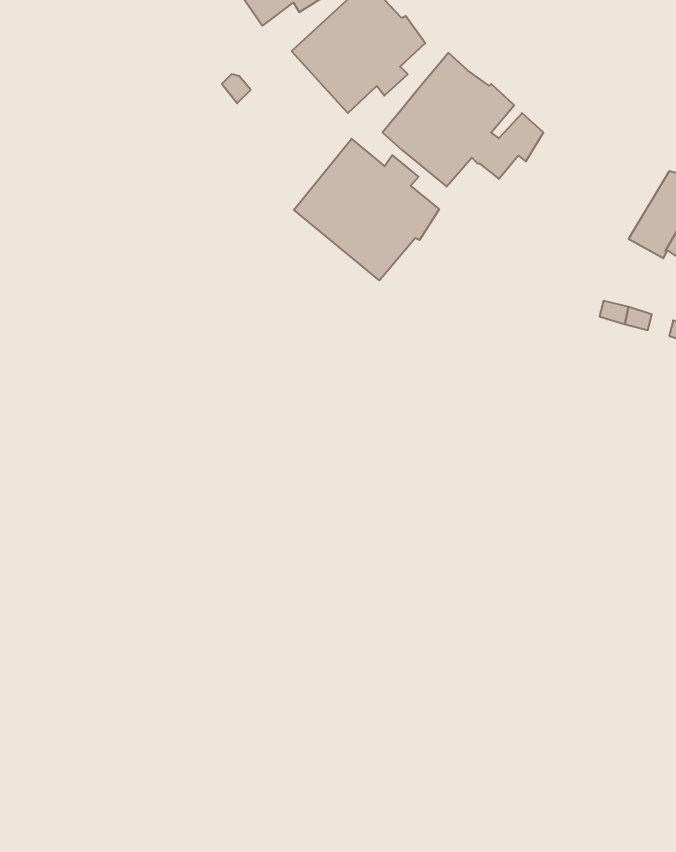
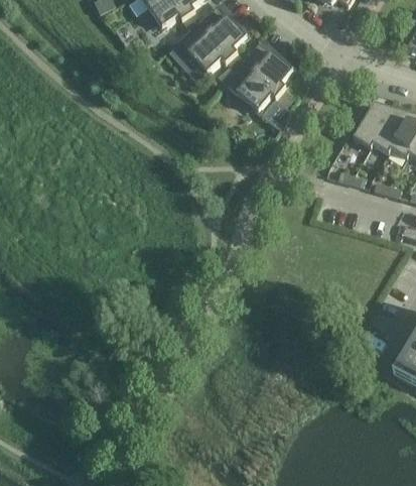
building: [294,139,439,280] -> none

